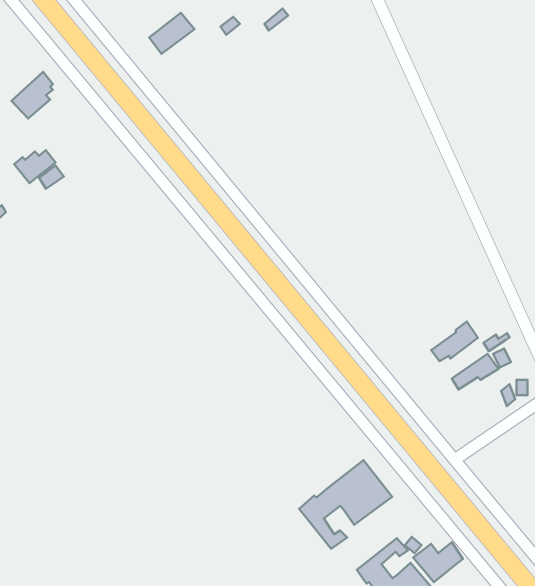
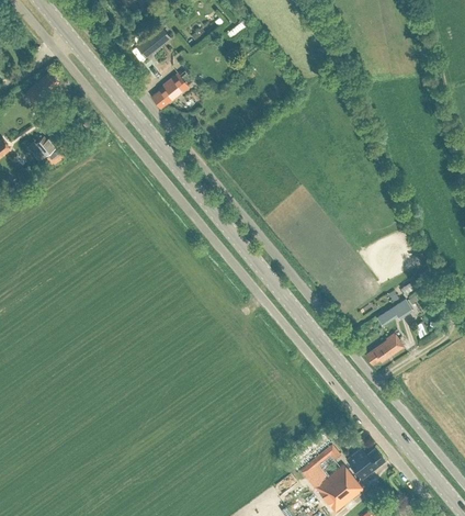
building: none -> [152,74,190,109]
building: [431,321,478,361] -> [366,333,404,364]
building: [299,460,392,549] -> none

